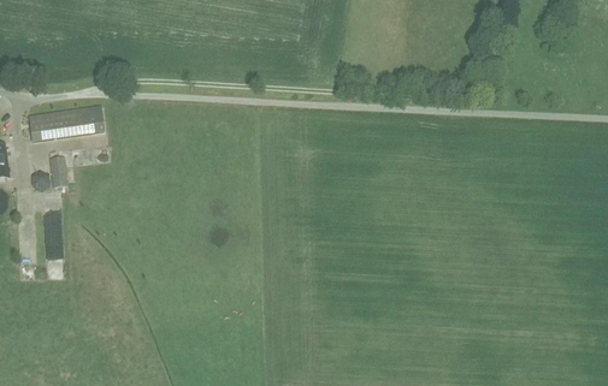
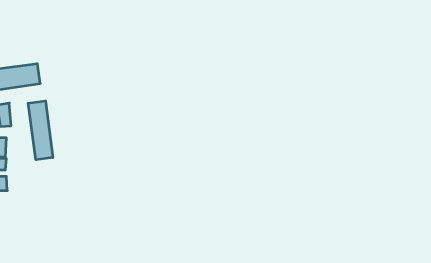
building: none -> [28,101,53,160]

